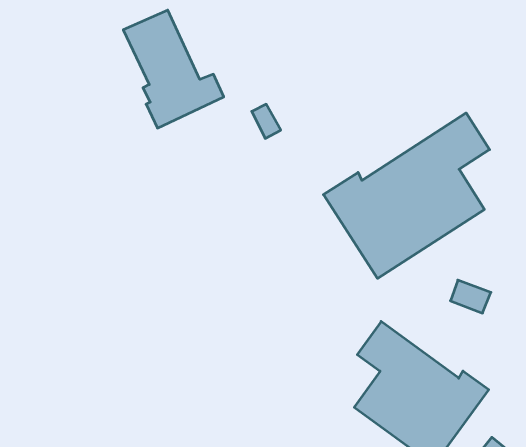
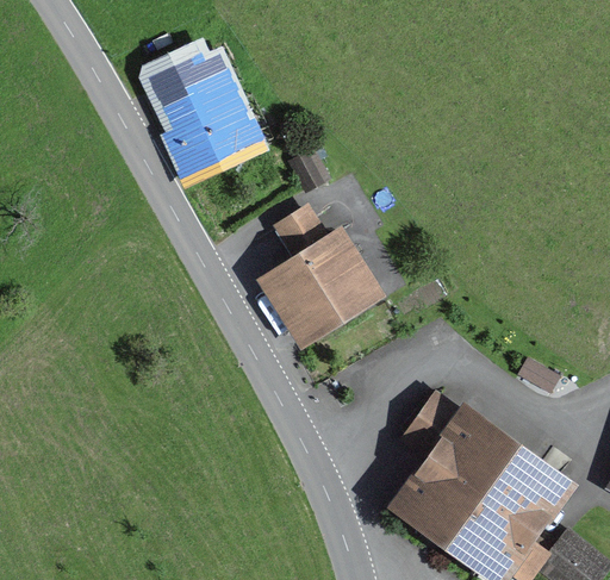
building: [323,113,490,278] -> none
building: none -> [270,213,372,336]

